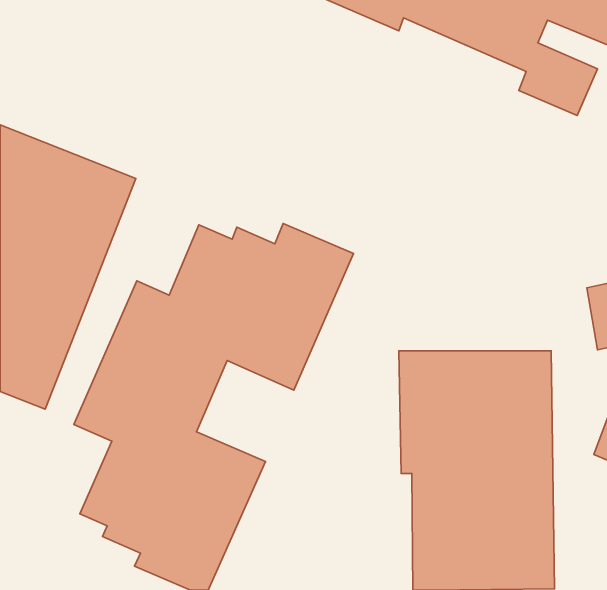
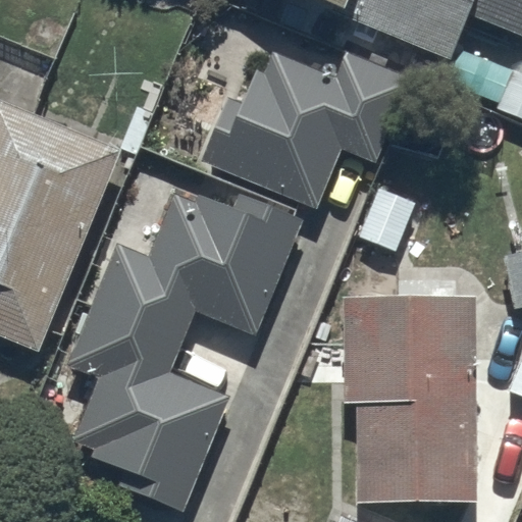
building: none -> [201,53,407,208]

